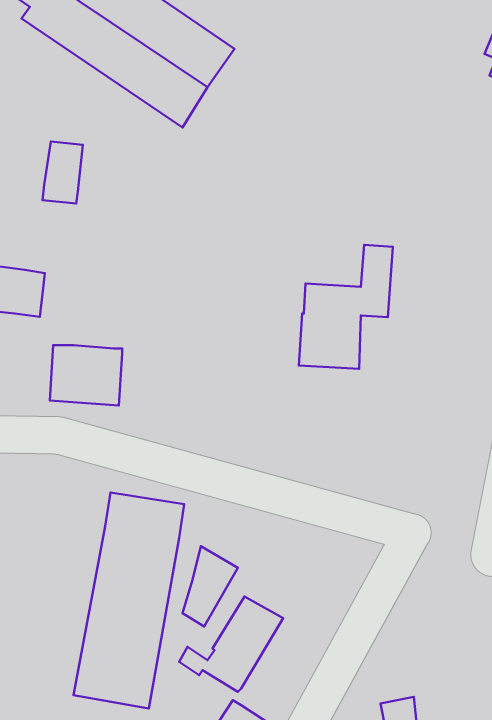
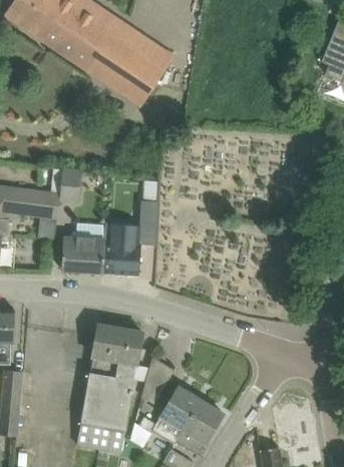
building: [43,141,83,203] -> [57,167,81,204]
building: [299,245,393,369] -> [102,200,158,275]
building: none -> [176,400,223,455]

